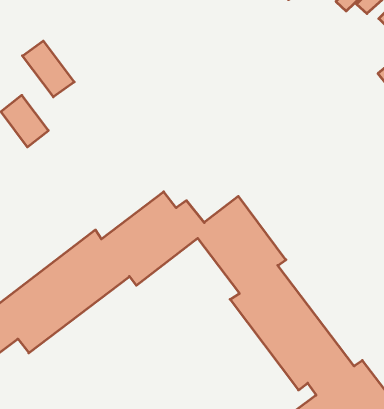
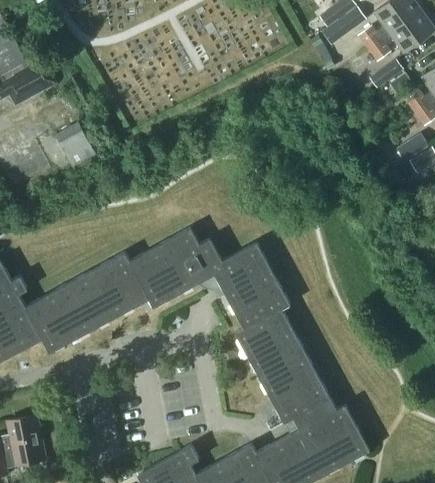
building: [22,41,74,97] -> none

